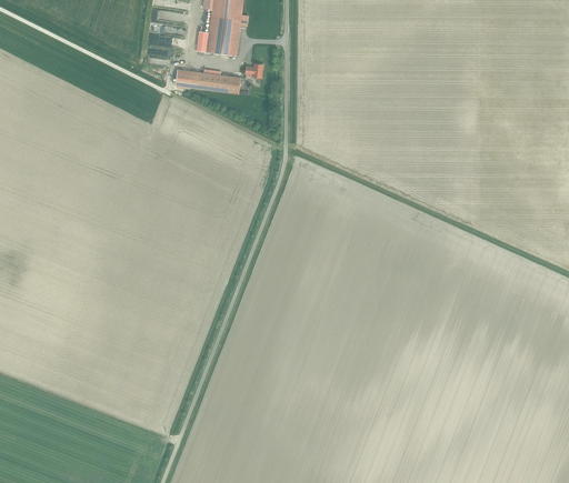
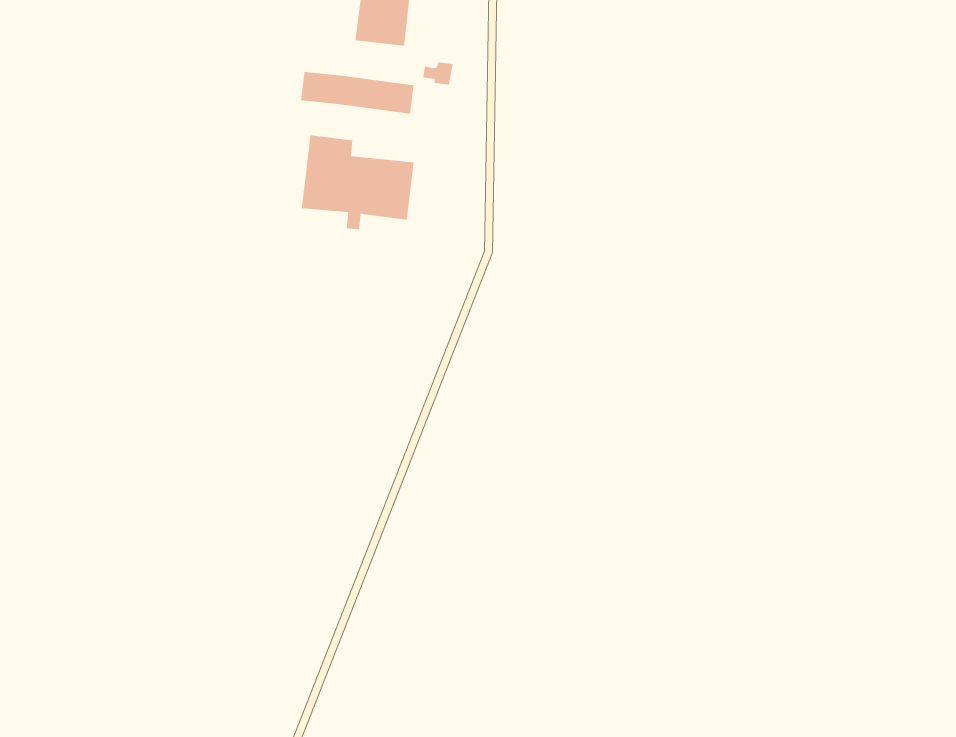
building: none -> [301,135,414,230]

